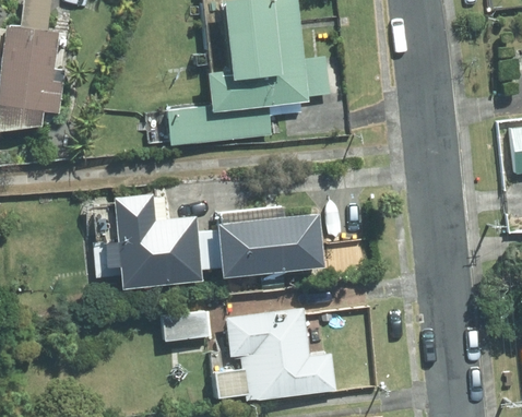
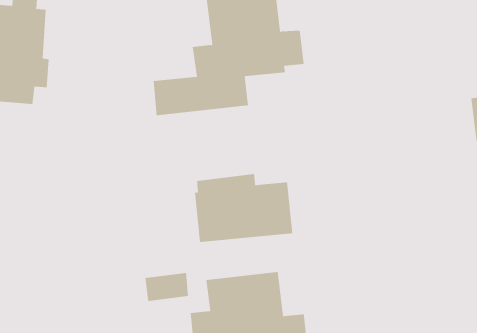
building: [91,195,203,291] -> none

